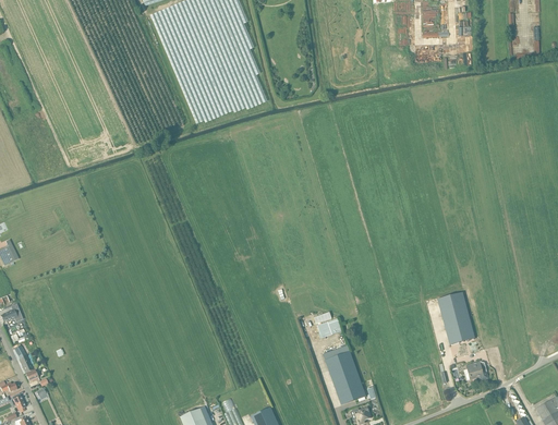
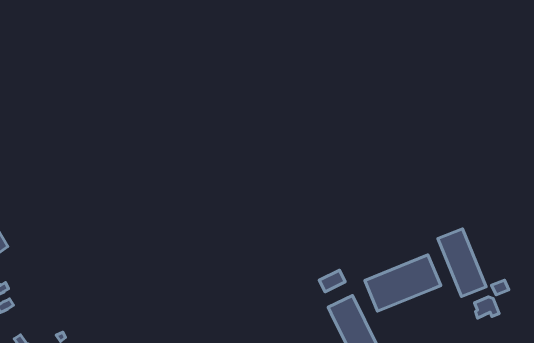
building: none -> [365,255,441,311]

